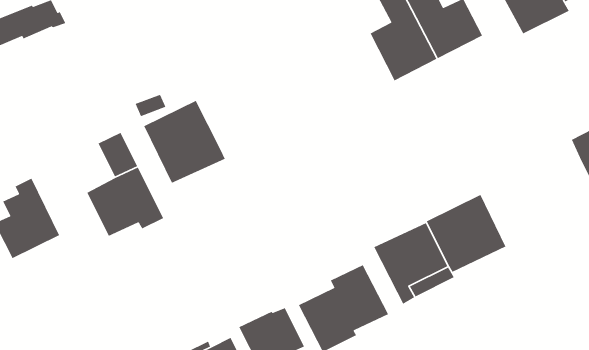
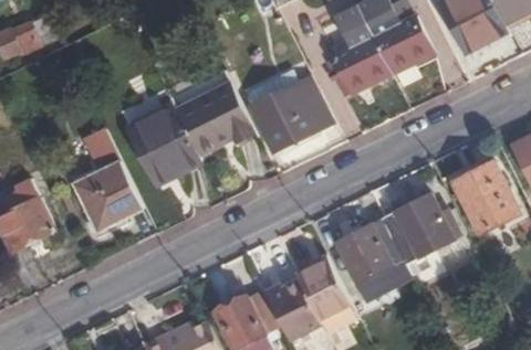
building: none -> [249,74,334,151]
building: none -> [176,83,254,152]
building: none -> [454,161,520,232]

